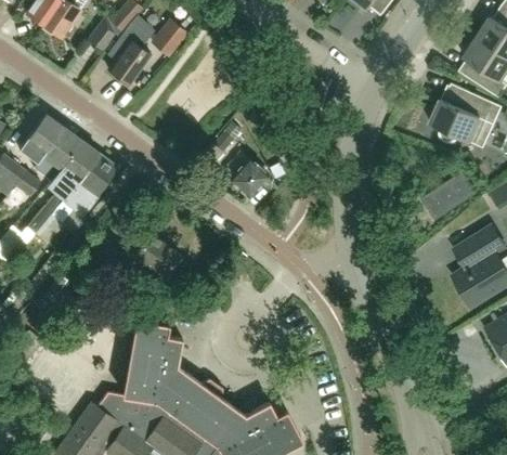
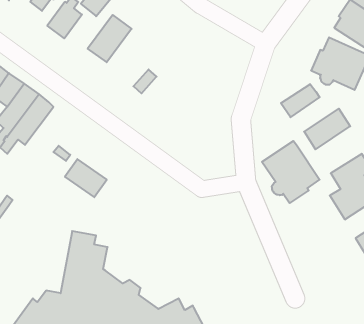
building: none -> [88,15,132,62]
building: none -> [281,84,320,117]
building: [230,159,265,195] -> none
building: none -> [262,141,320,203]

